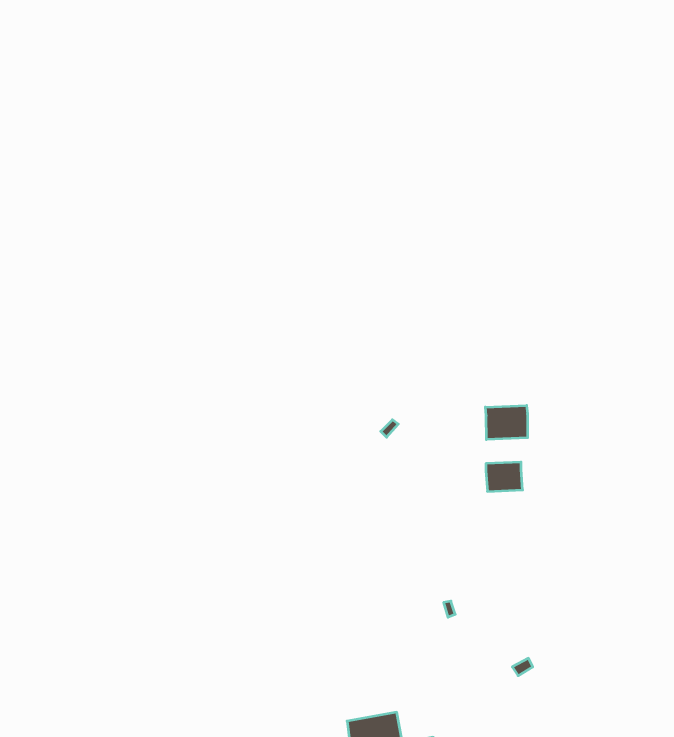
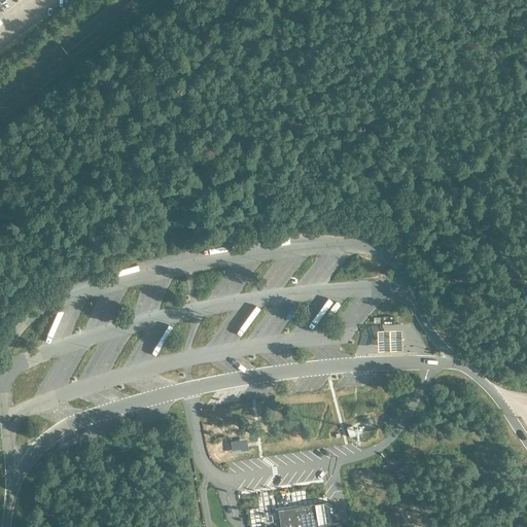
building: [485,405,528,440] -> none

